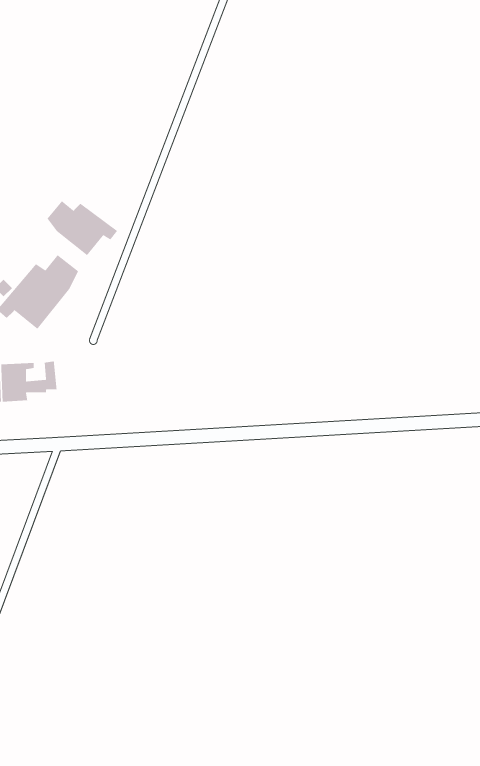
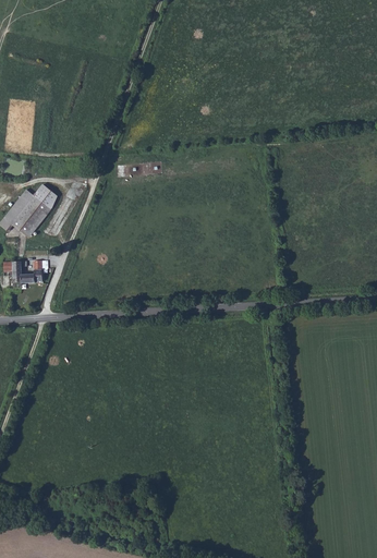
building: [47,200,118,256] -> none

